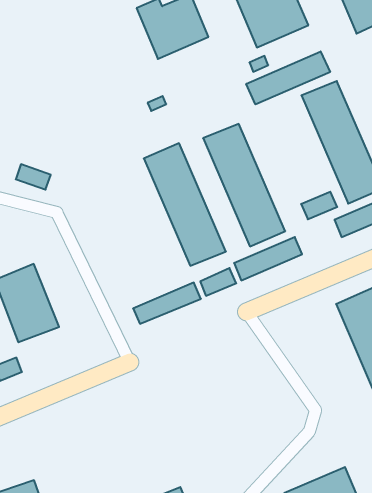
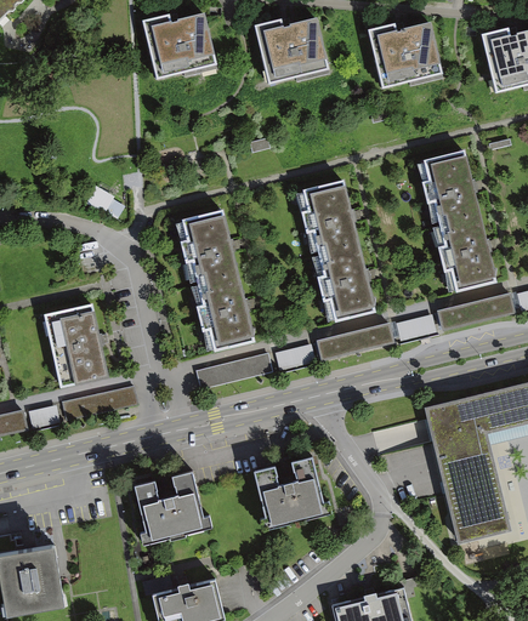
building: none -> [140,22,216,90]
building: [246,51,330,104] -> none
building: [144,143,226,266] -> [182,210,257,349]
building: [301,192,337,219] -> [394,313,435,340]
building: none -> [61,384,137,420]
building: none -> [252,455,331,530]
building: none -> [132,471,211,545]

